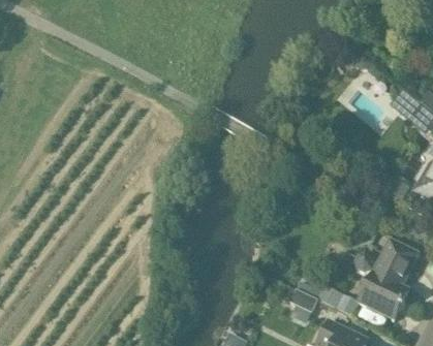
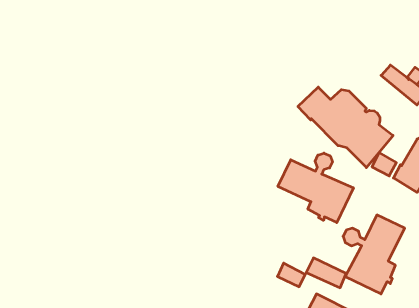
building: none -> [298,87,393,168]
building: none -> [278,153,353,223]

